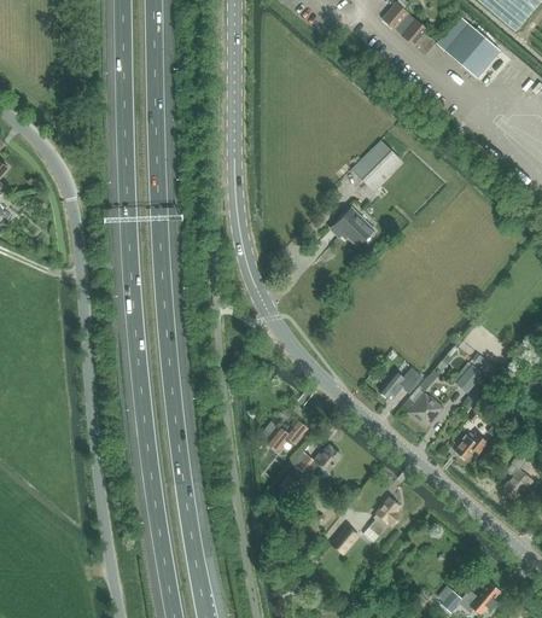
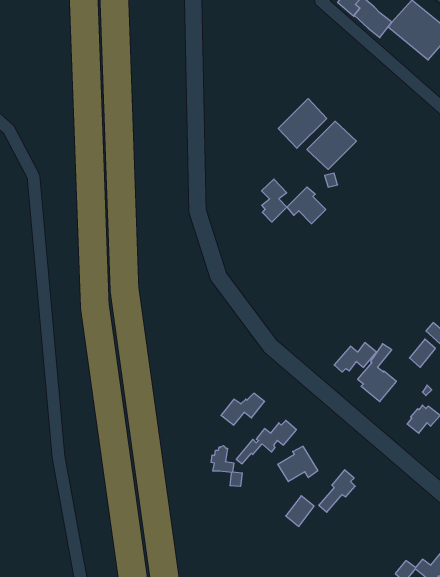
building: none -> [278,99,327,148]
building: none -> [262,179,287,222]
building: none -> [211,446,242,486]
building: none -> [278,446,318,482]

